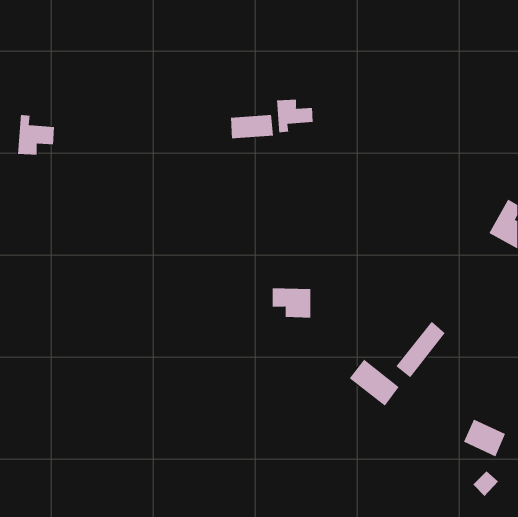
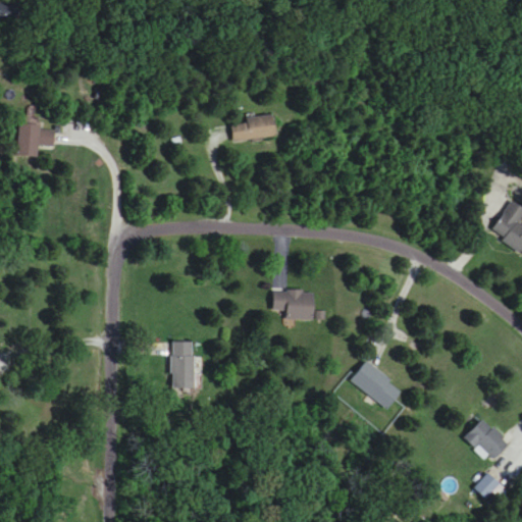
building: [276,99,313,133] -> none
building: [396,321,446,378] -> none
building: none -> [172,342,195,388]

